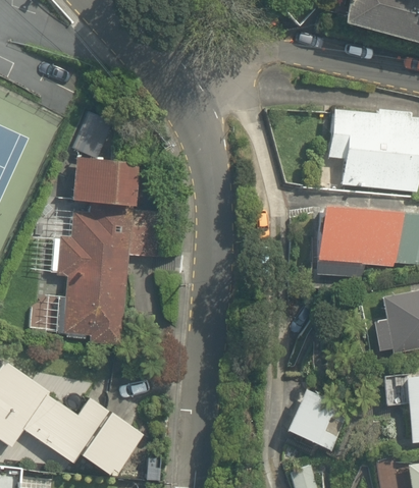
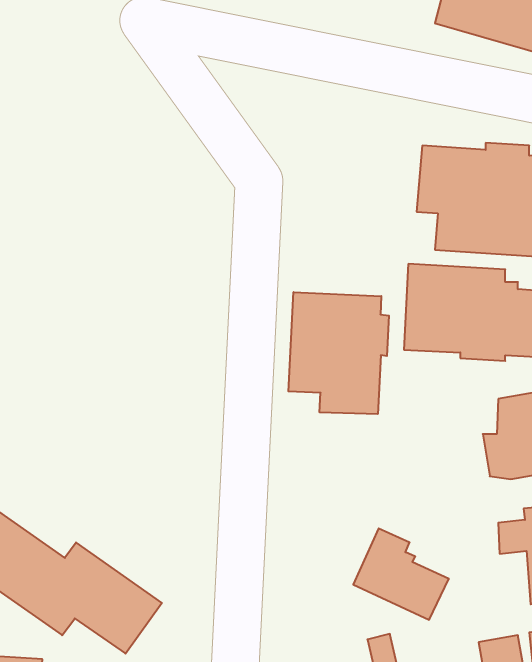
building: [53,156,164,336] -> none
building: none -> [288,292,389,414]

